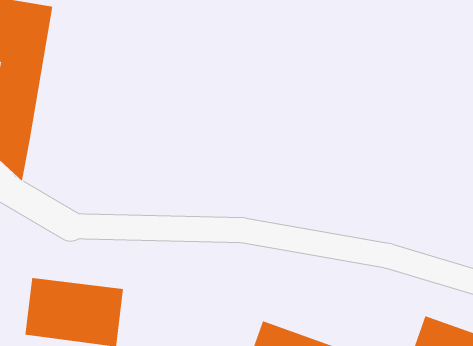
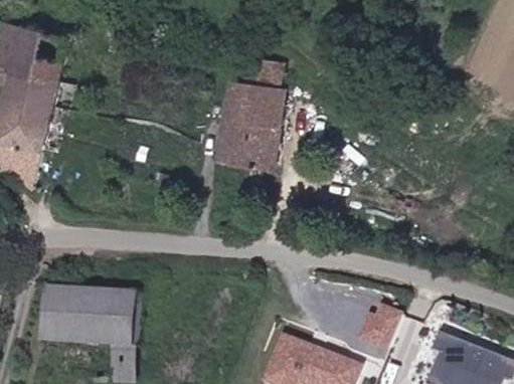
building: none -> [220,52,282,165]
building: none -> [351,301,396,346]

